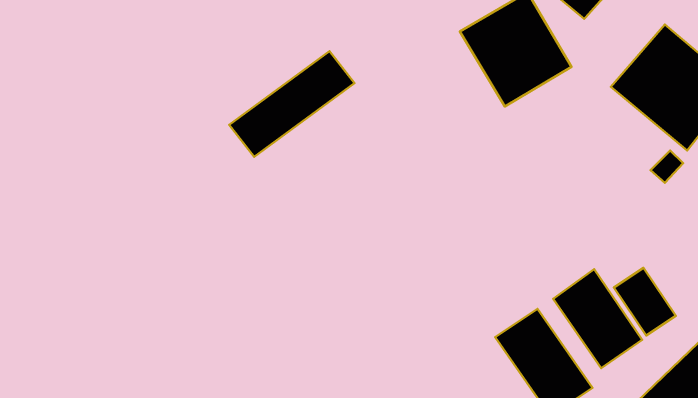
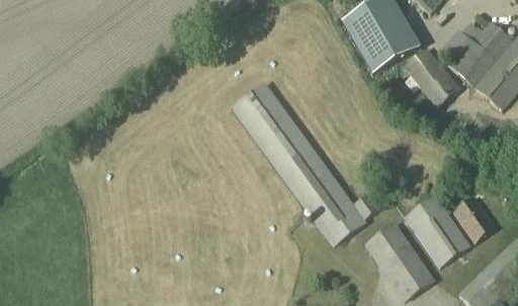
building: [229,51,355,157] -> none
building: none -> [403,48,460,107]
building: none -> [233,83,376,243]

